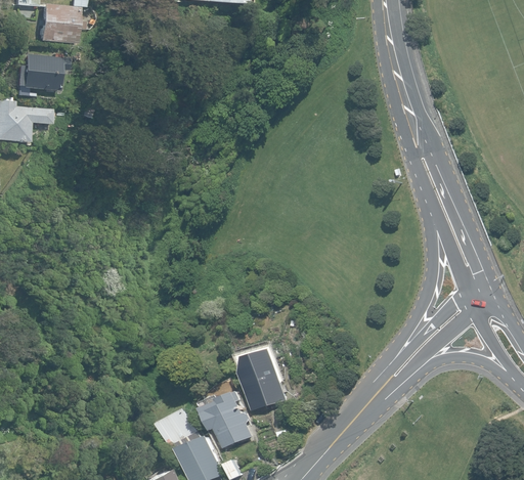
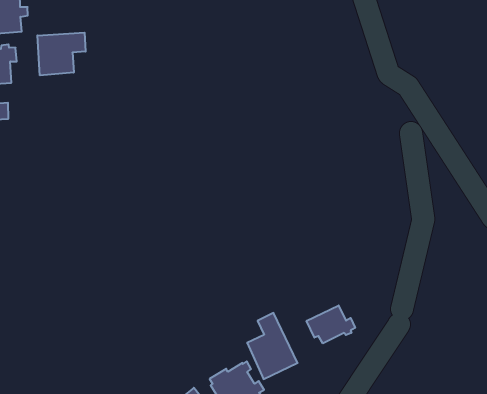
building: none -> [37,33,86,75]
building: none -> [307,305,355,343]

